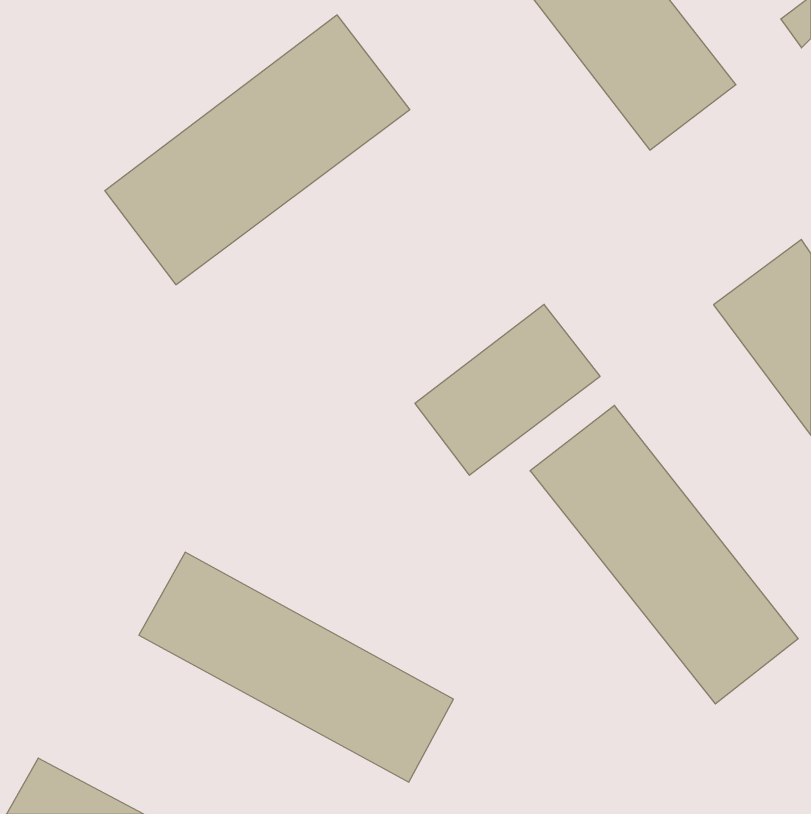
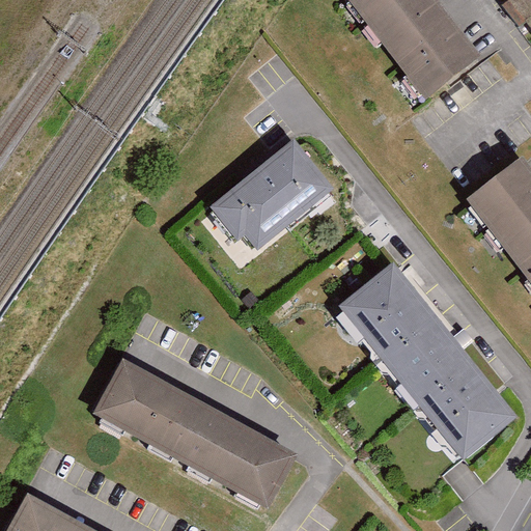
building: [105,15,410,285] -> none
building: [415,304,600,475] -> [218,142,338,253]

